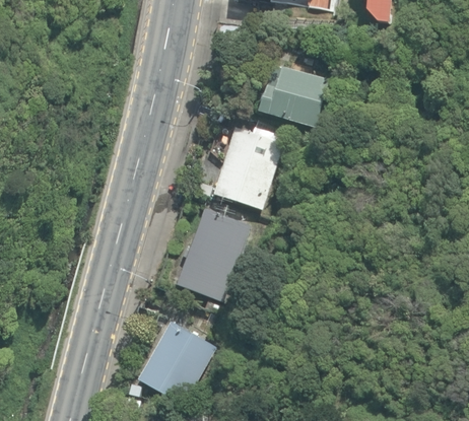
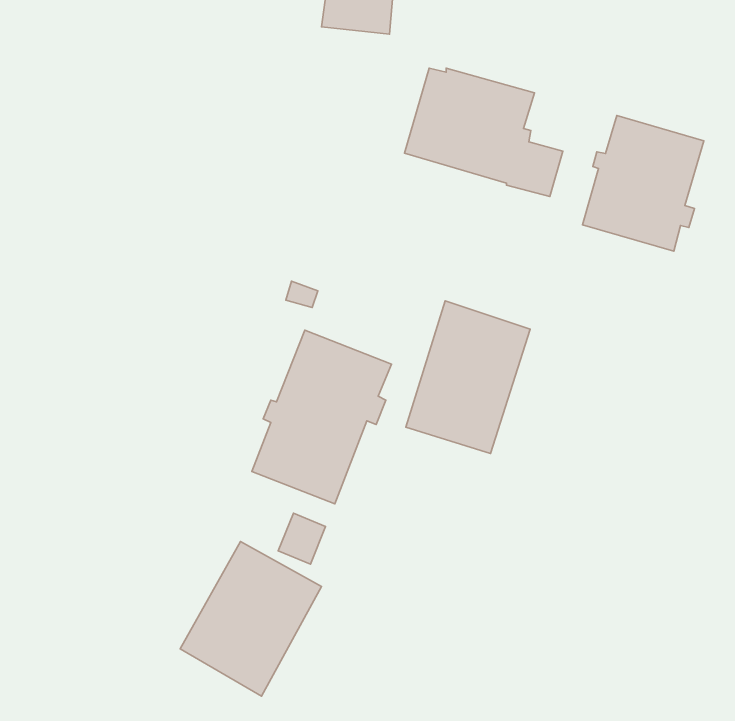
building: none -> [583,115,704,251]
building: [214,127,281,209] -> [406,301,530,454]

